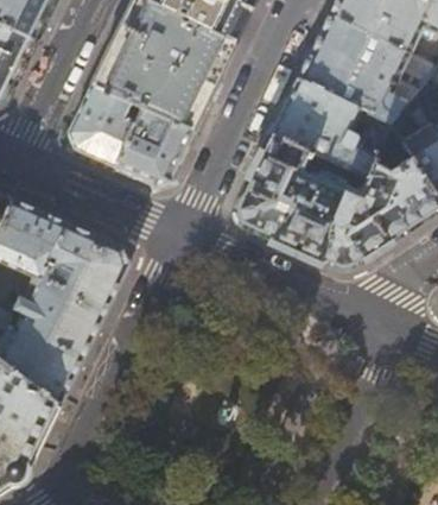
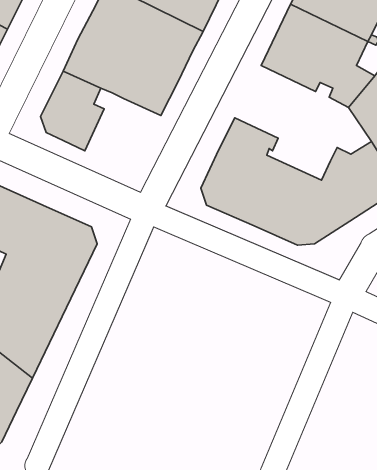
building: [269,75,382,175] -> none
building: [113,109,192,182] -> none

